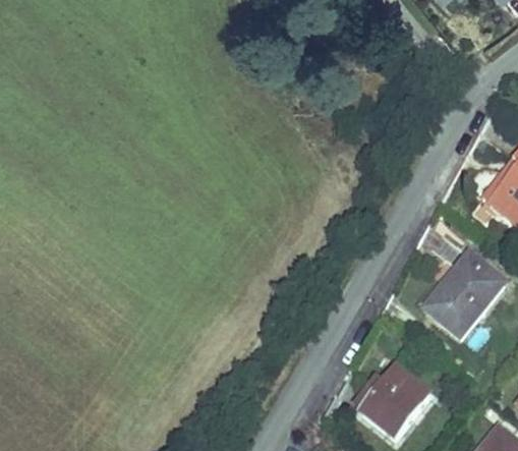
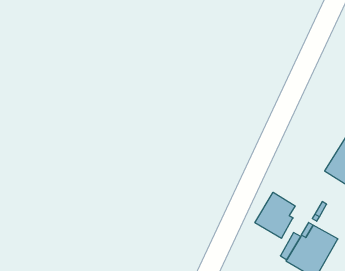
building: none -> [255,192,295,238]

